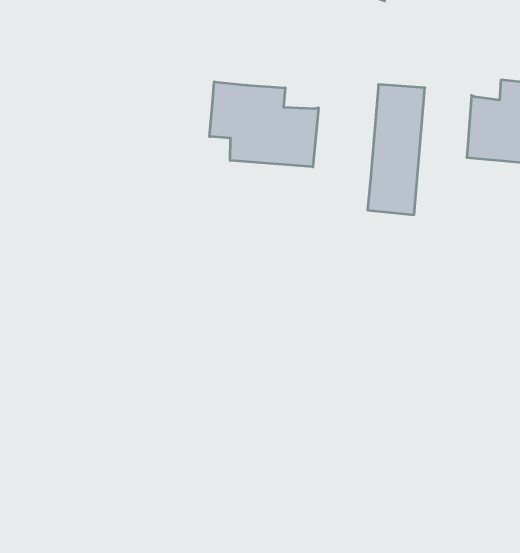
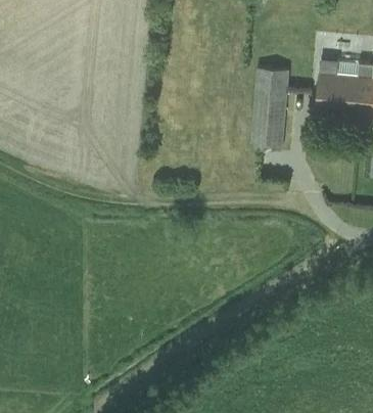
building: [210,82,318,167] -> none

